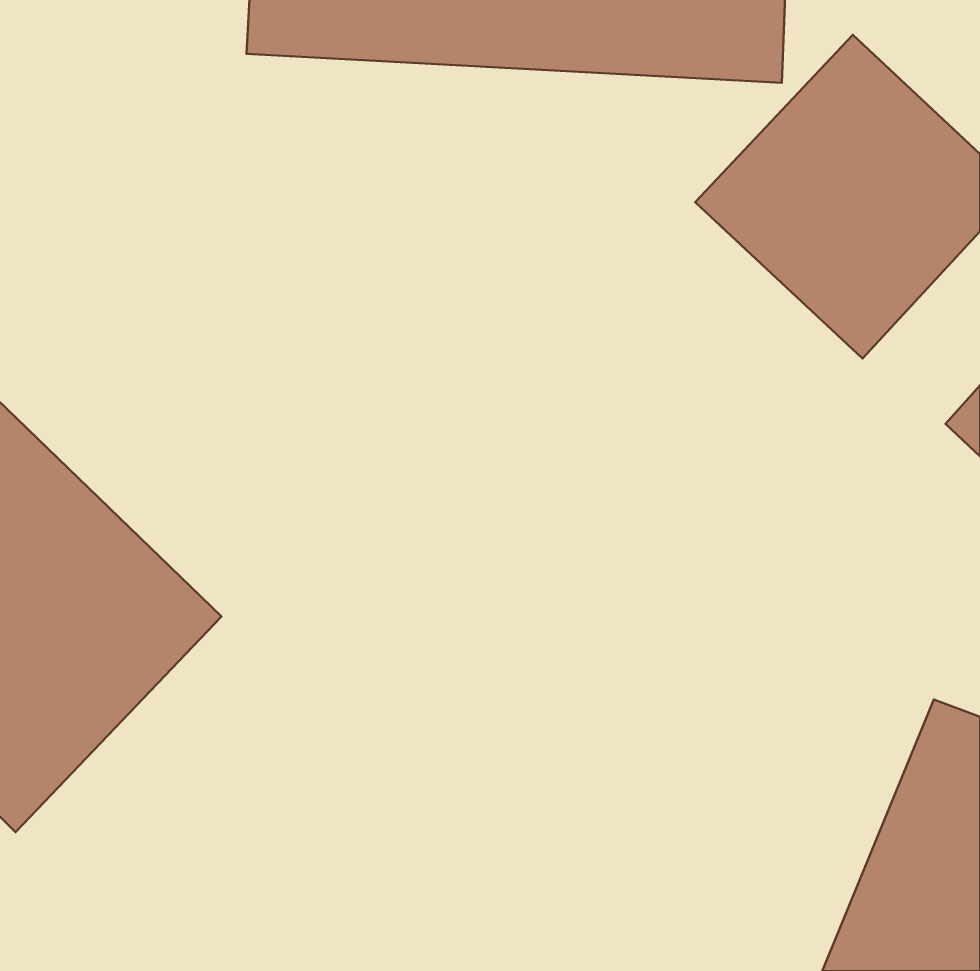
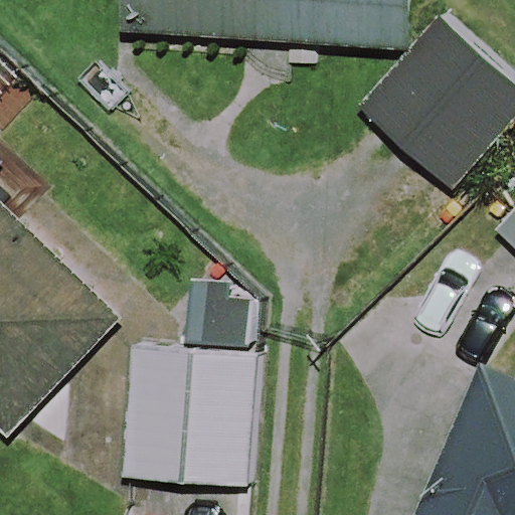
building: none -> [131,345,251,483]

